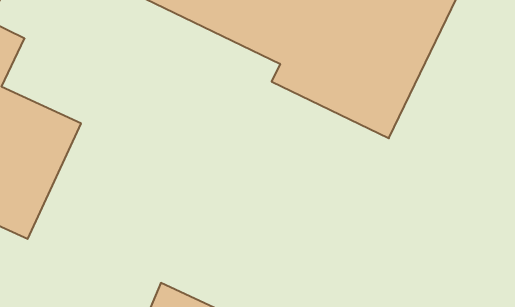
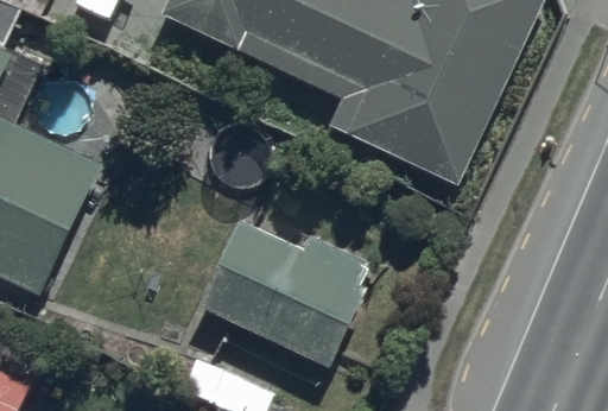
building: none -> [202,225,380,366]

